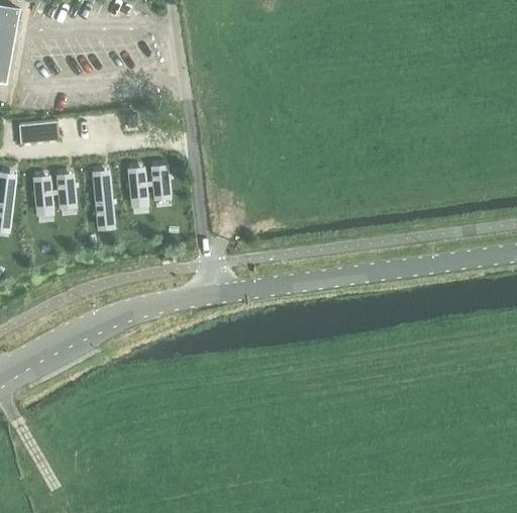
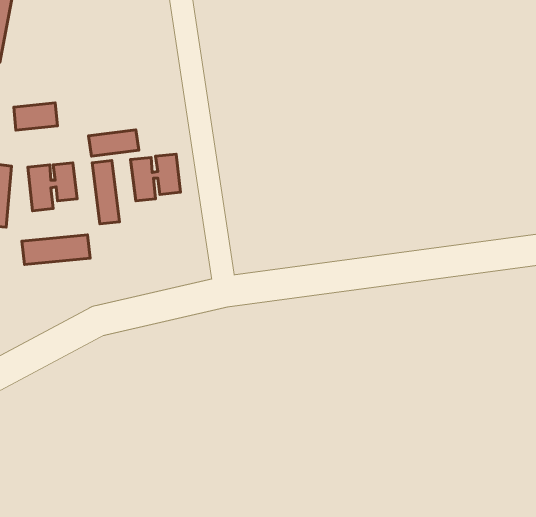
building: none -> [89,130,139,156]
building: none -> [22,235,90,265]

